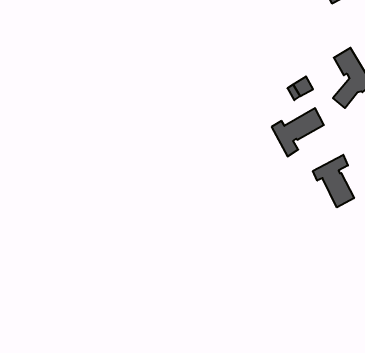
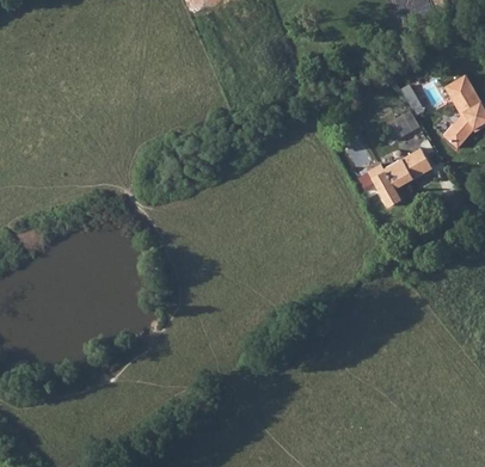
building: [313,155,354,207] -> none

